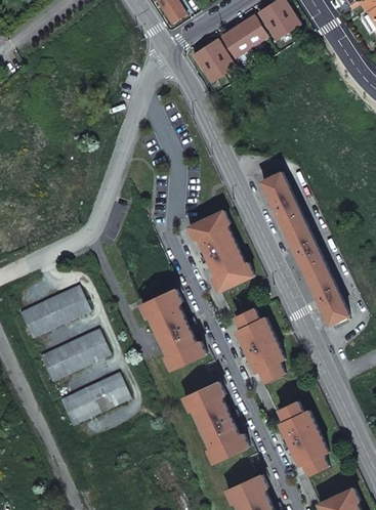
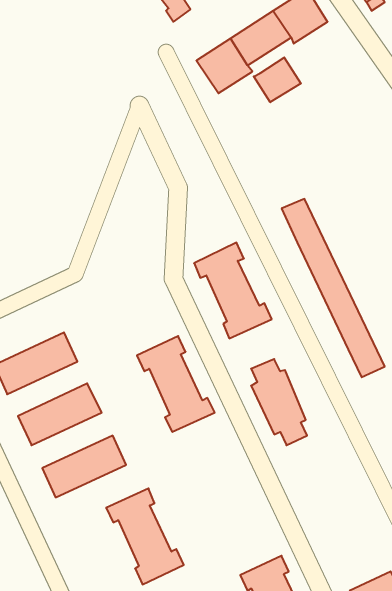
building: none -> [254,57,301,102]
building: [183,382,249,463] -> [106,488,184,584]
building: [279,401,329,475] -> none

